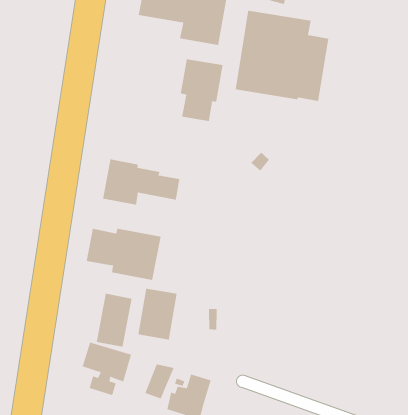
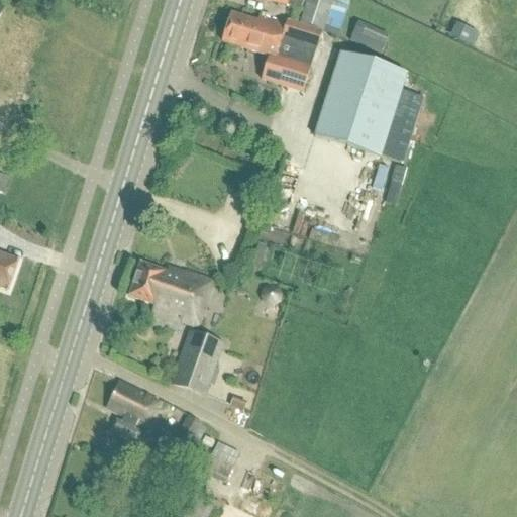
building: [180,58,223,122] -> none
building: [102,158,180,205] -> none
building: [96,293,132,347] -> none

